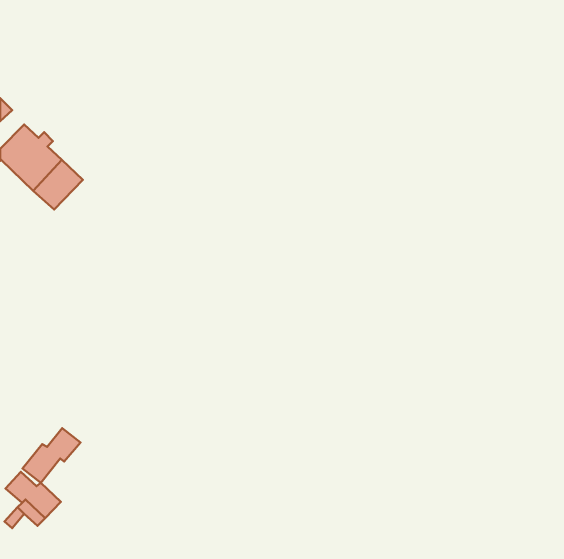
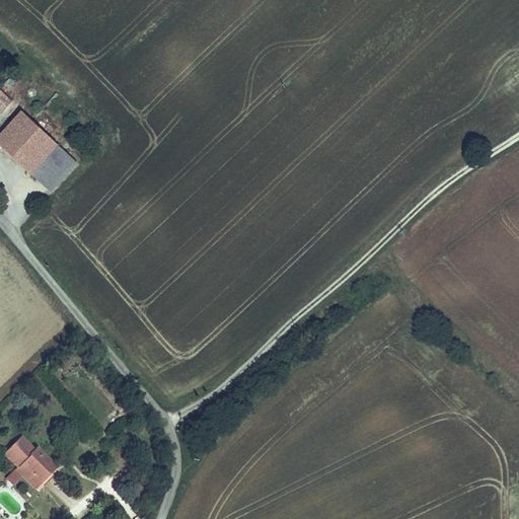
building: [23,428,81,483] -> none

